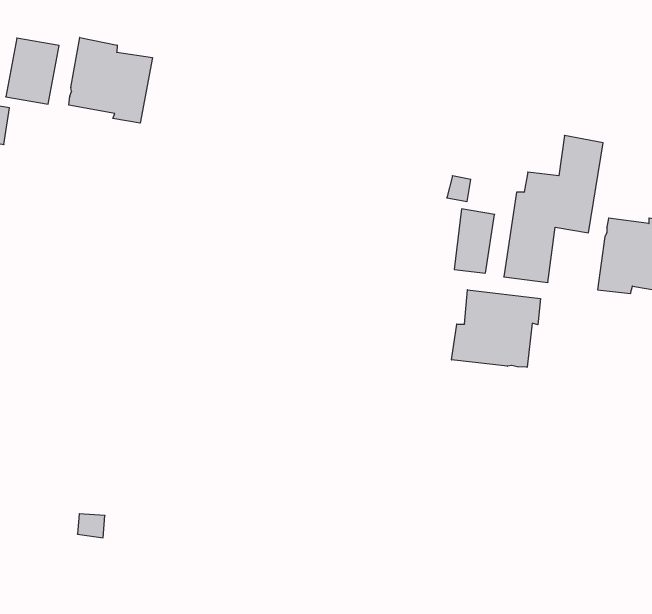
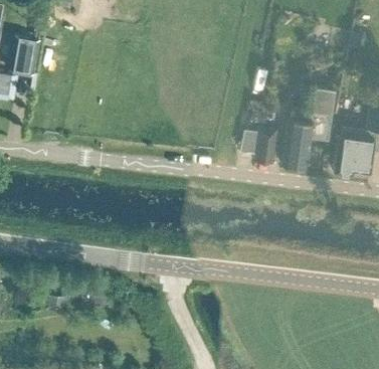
building: [69,37,152,123] -> none
building: [452,290,540,367] -> none

